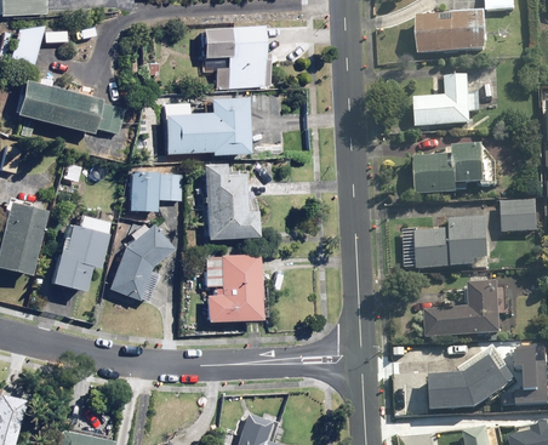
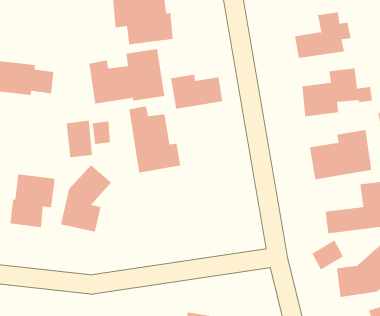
building: none -> [170,74,223,109]
building: [205,252,263,321] -> none
building: none -> [311,240,344,270]

